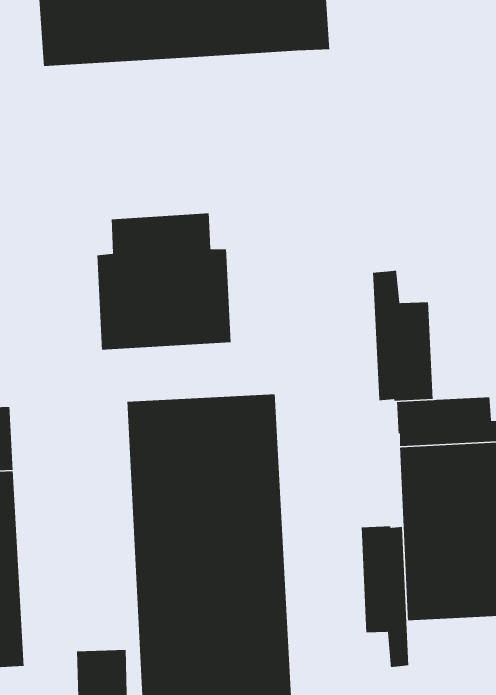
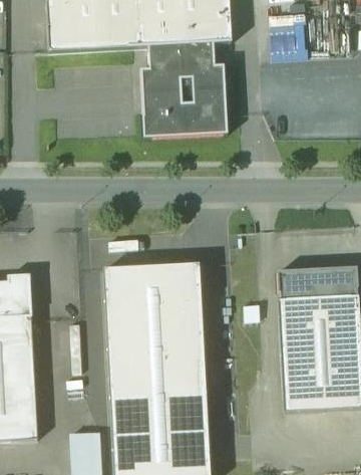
building: [97,213,231,351] -> [140,46,227,135]
building: [372,270,434,401] -> none
building: [361,525,409,668] -> none

